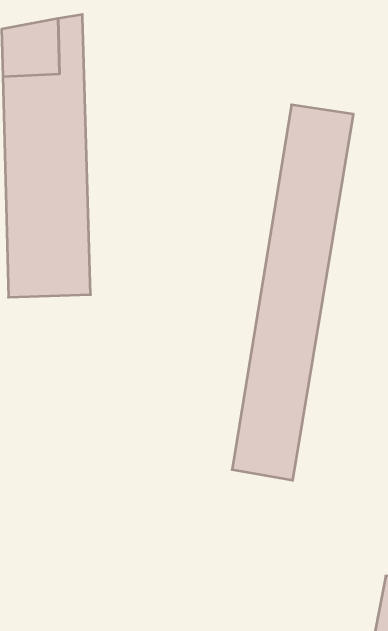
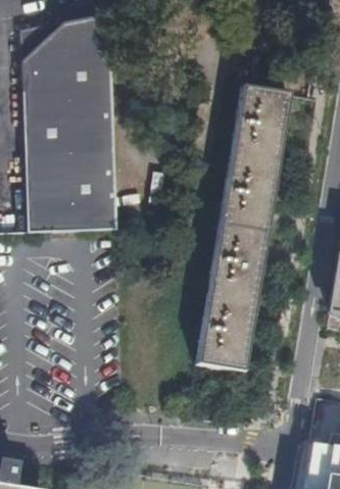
building: none -> [85,12,117,229]

